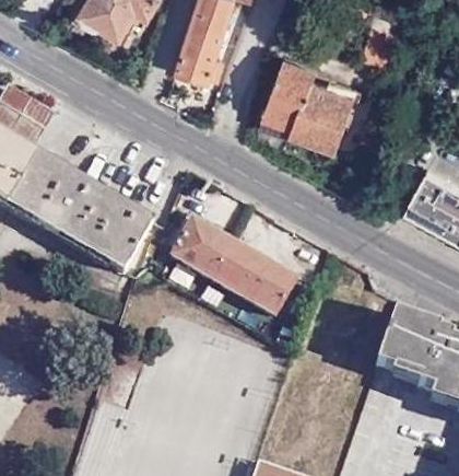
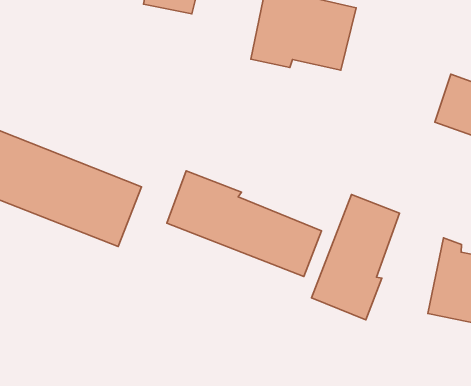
building: none -> [312,195,399,320]

